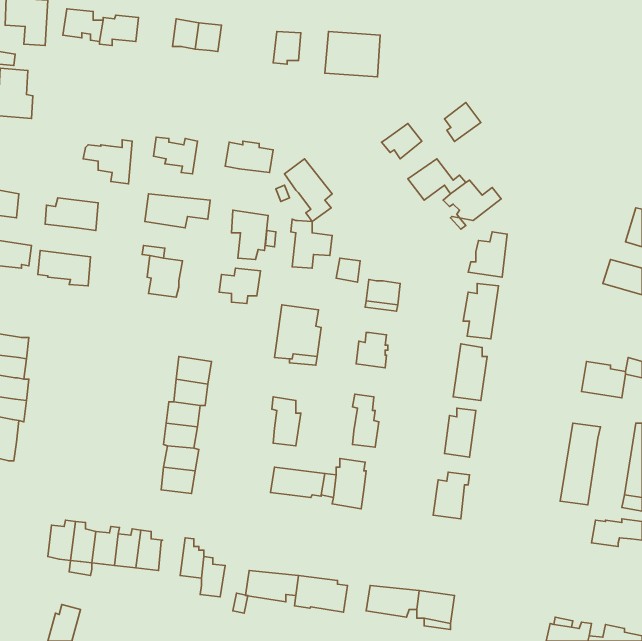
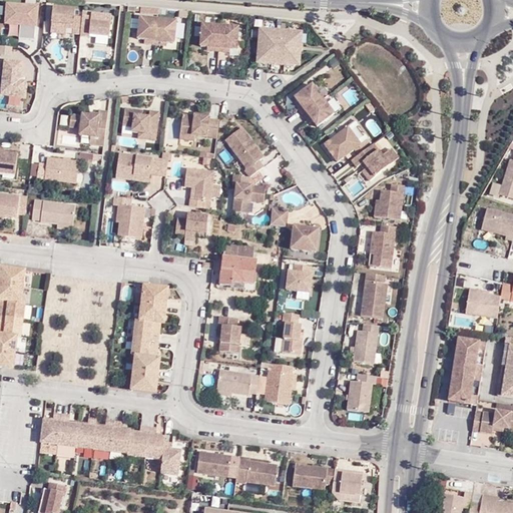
building: none -> [199,23,220,50]
building: [444,102,481,141] -> [296,82,325,113]
building: none -> [126,428,147,458]

